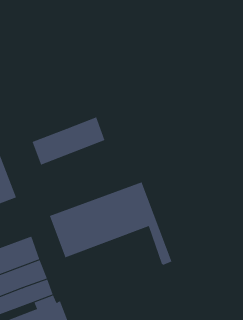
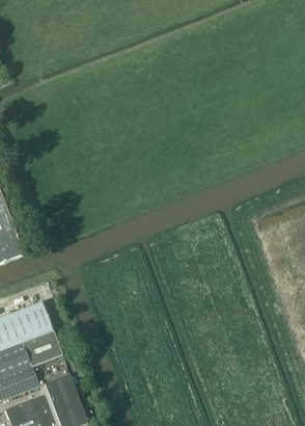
building: [32,117,105,166] -> none
building: [49,181,172,266] -> none

